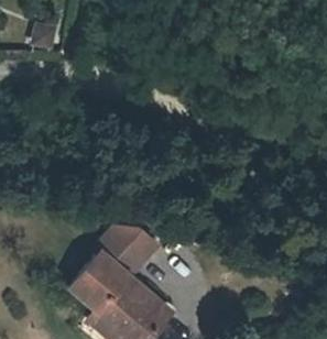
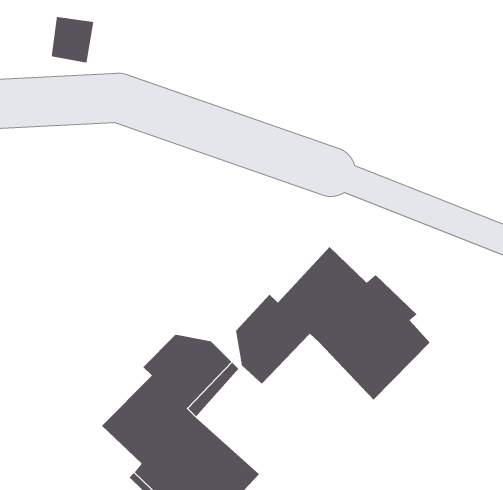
building: none -> [236,246,431,400]

